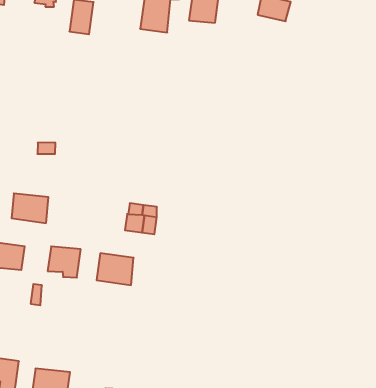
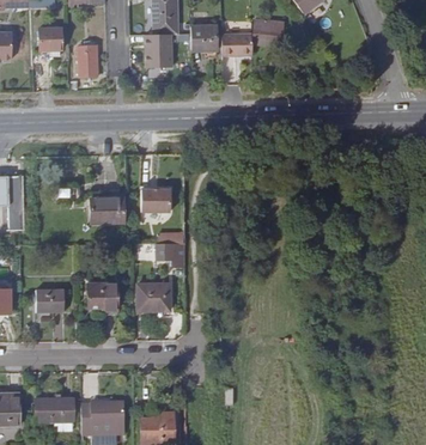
building: none -> [220,32,252,54]
building: none -> [140,190,170,214]
building: [12,193,48,223] -> [90,199,124,224]

